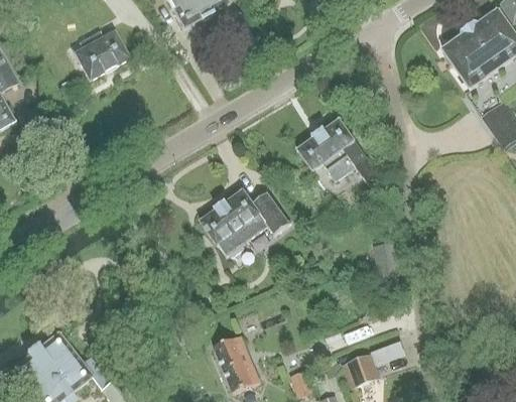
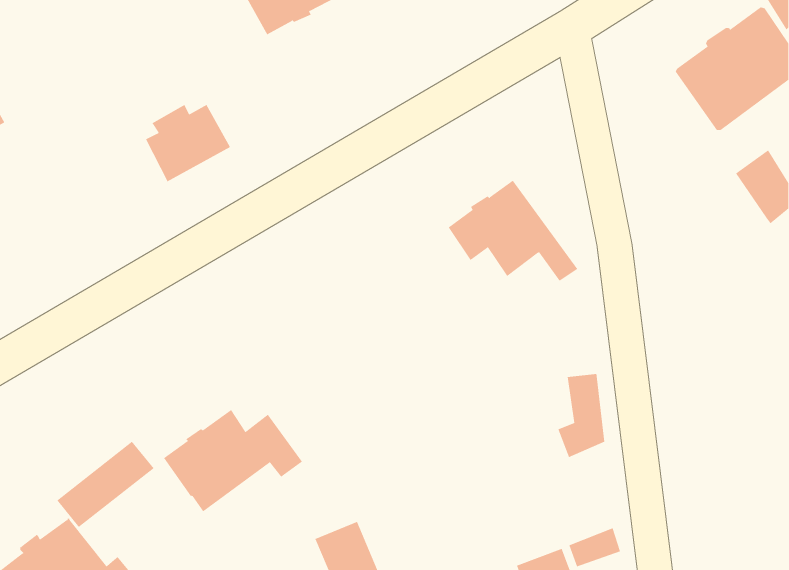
building: [75,30,129,80] -> [145,104,231,182]
building: [201,189,289,255] -> [163,409,303,512]
building: none -> [56,441,154,528]

